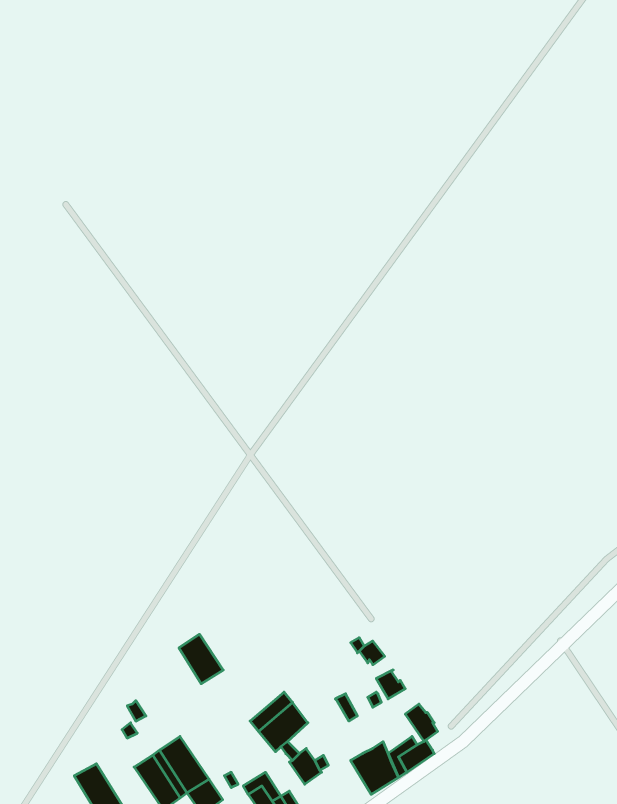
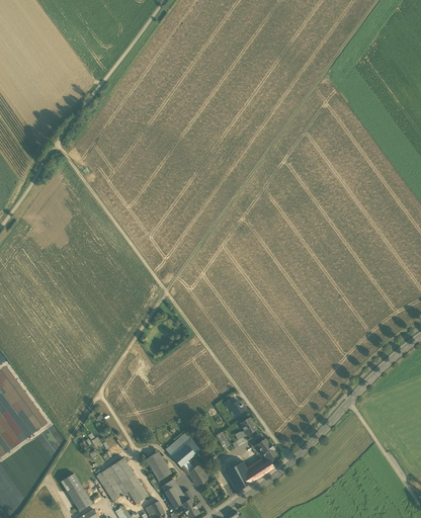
building: [179,634,223,684] -> [145,451,171,481]

